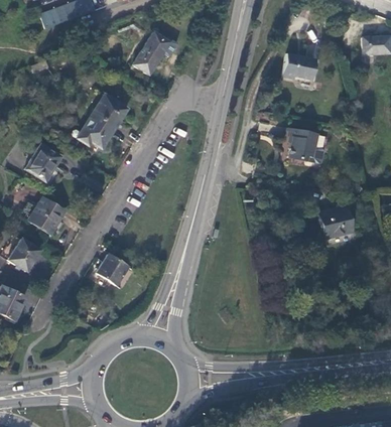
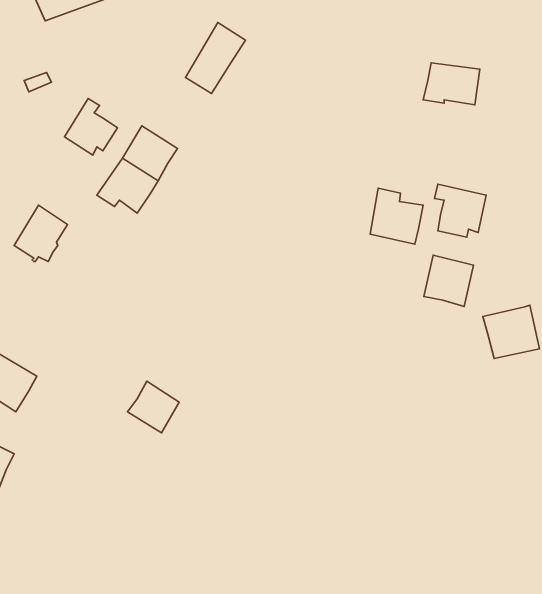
building: none -> [64,98,117,155]
building: none -> [370,188,423,244]
building: none -> [424,255,473,306]
building: [28,197,64,232] -> none

